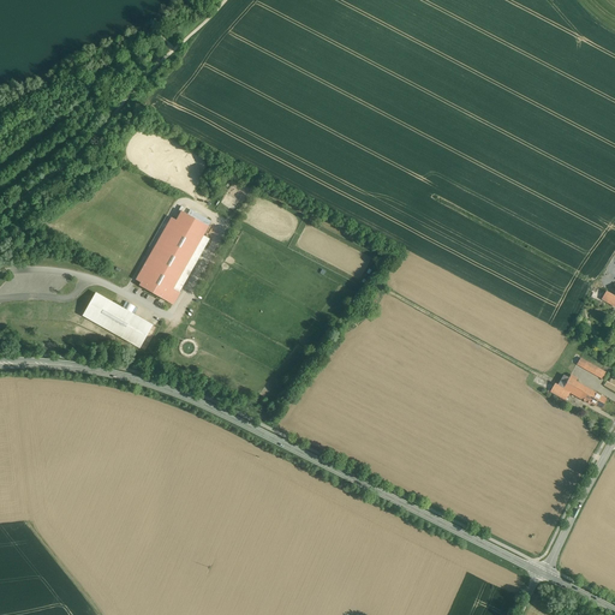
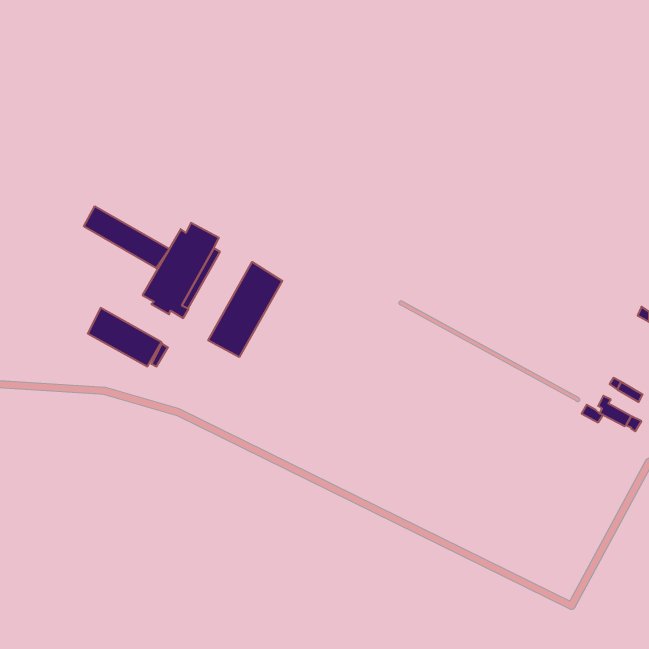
building: none -> [84,206,169,268]
building: none -> [208,262,282,357]

